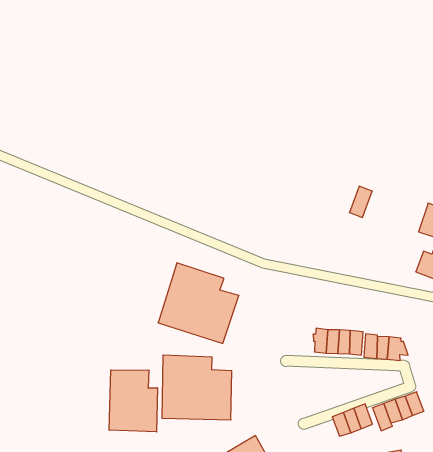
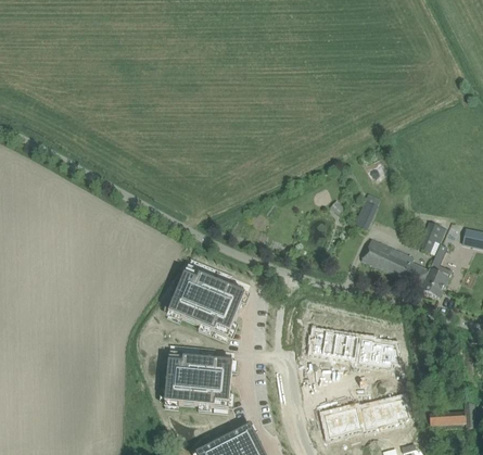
building: none -> [360,238,420,283]
building: [109,370,158,432] -> none

